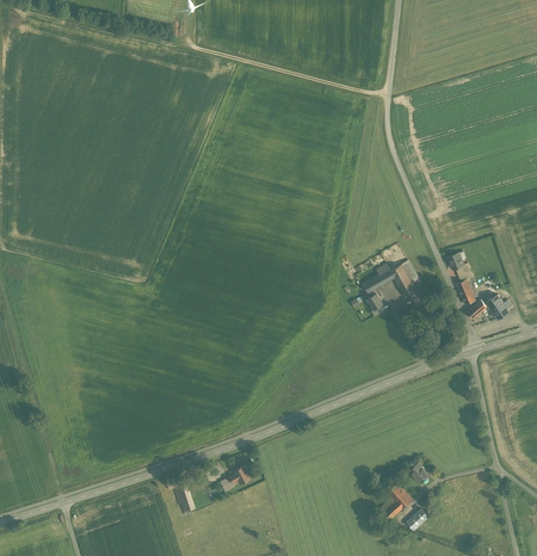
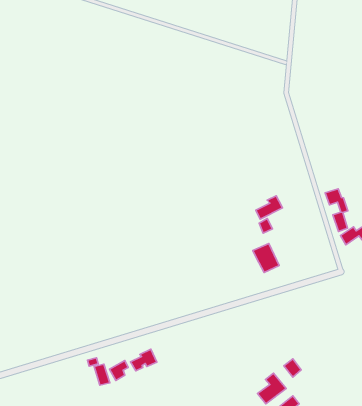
building: [389,261,422,297] -> [253,244,279,273]

